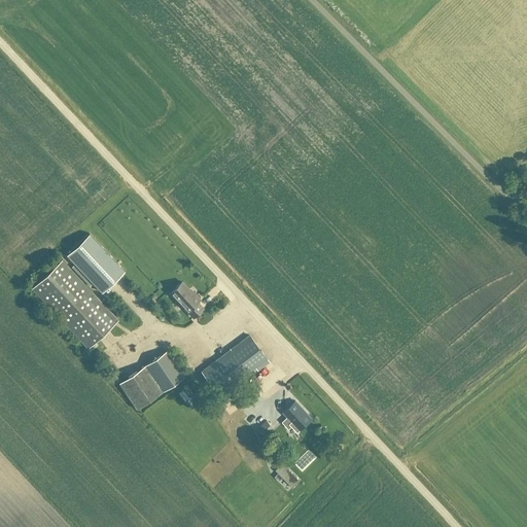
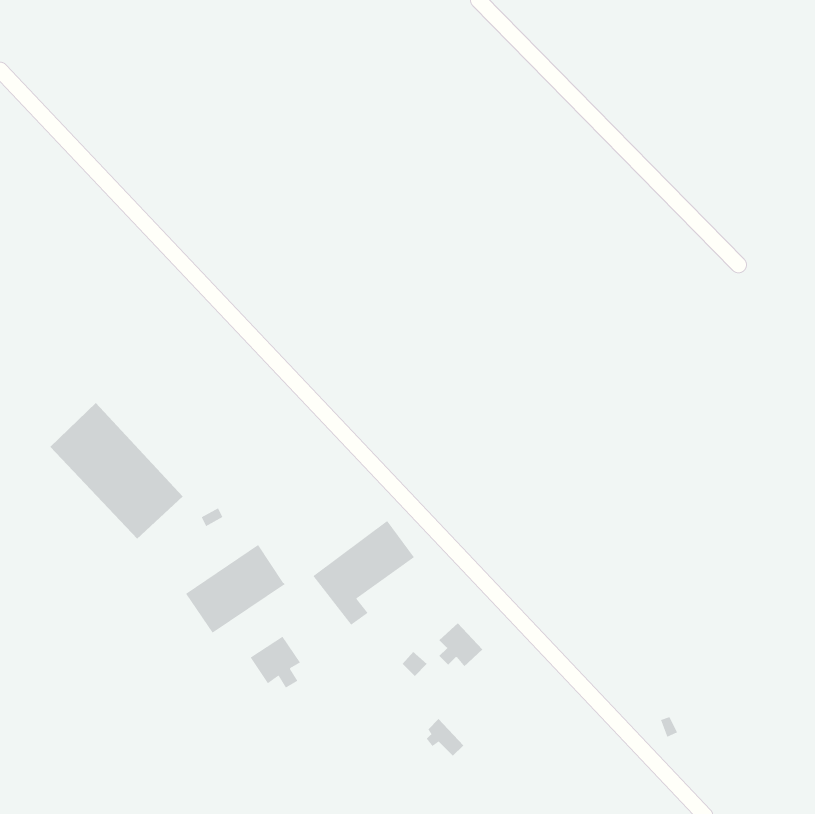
building: [67,235,125,293] -> none
building: [171,283,204,319] -> none
building: none -> [250,636,301,688]

